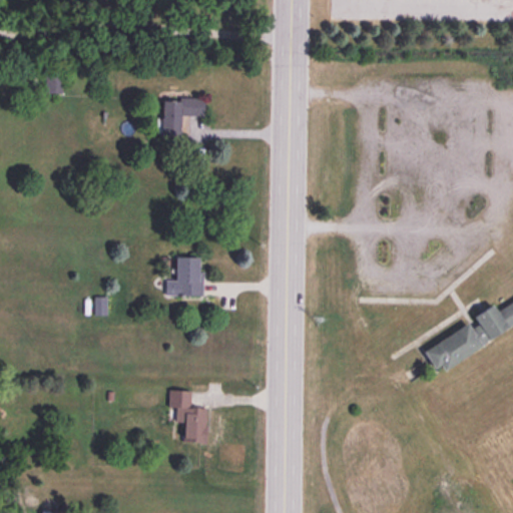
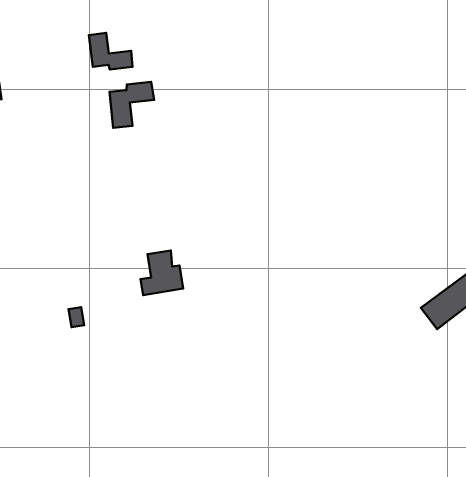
building: none -> [89,33,132,70]
building: [170,391,208,443] -> none

